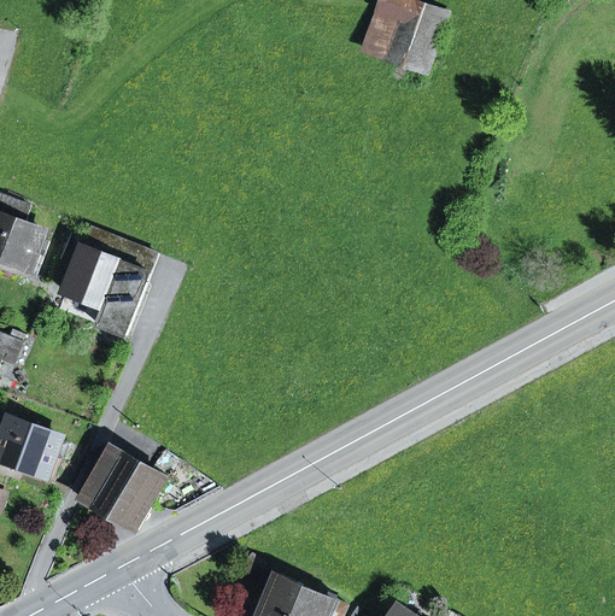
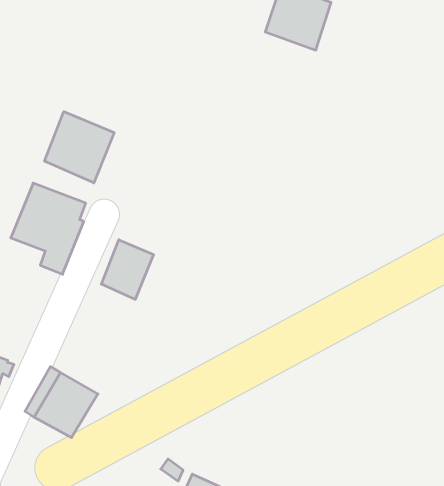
building: none -> [45,112,114,183]
building: none -> [101,240,153,299]

